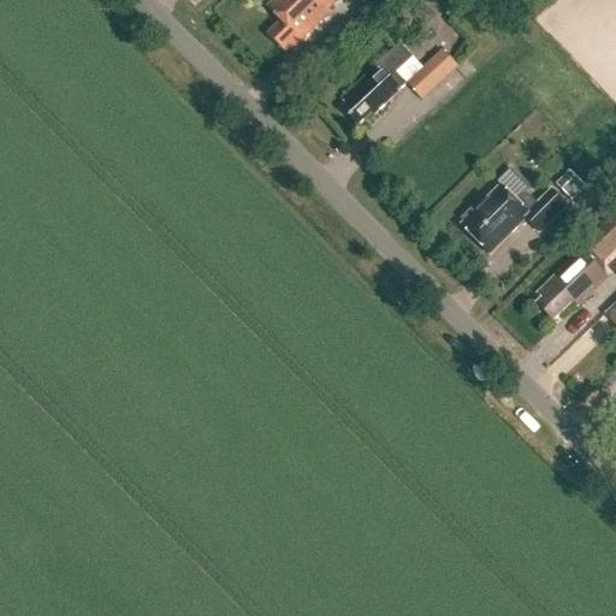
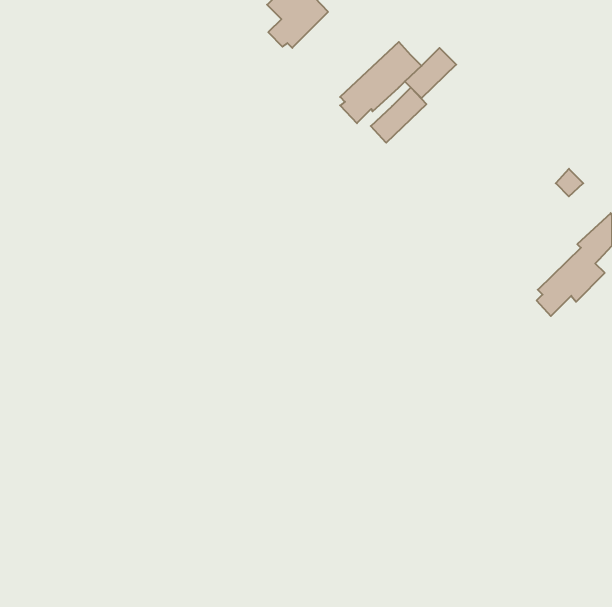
building: none -> [371,87,426,143]
building: [460,183,568,253] -> none

